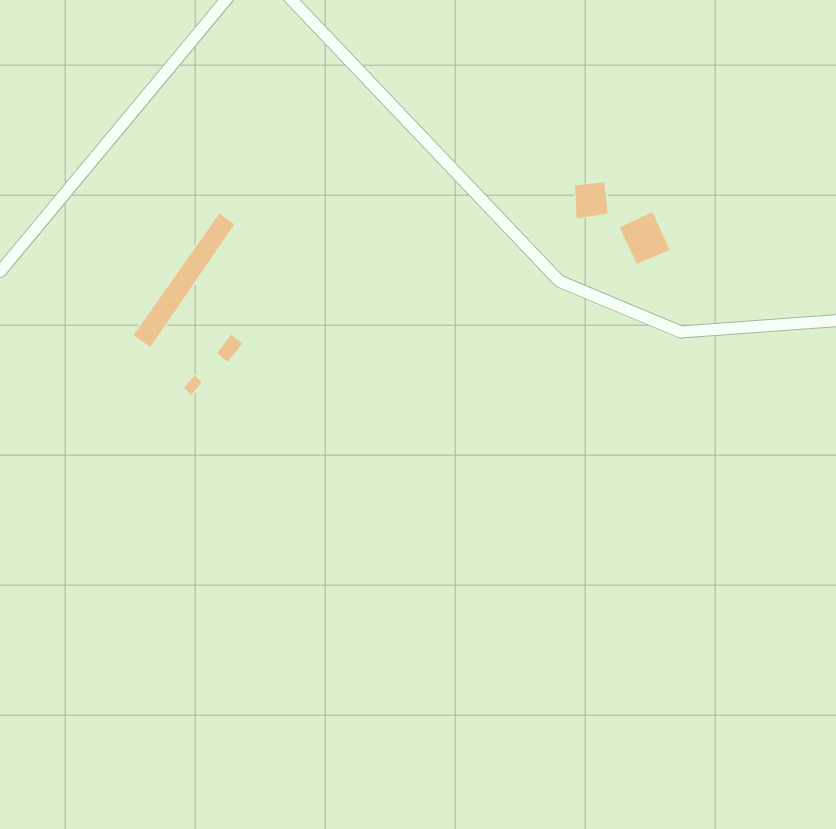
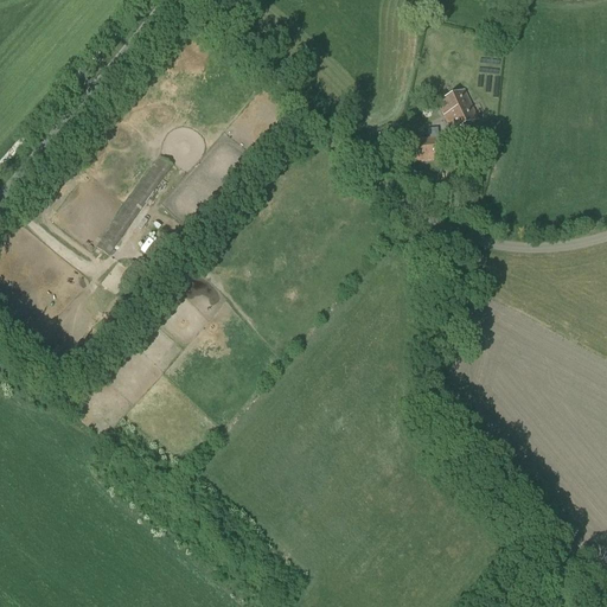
building: [619,211,671,265] -> [439,88,477,127]

